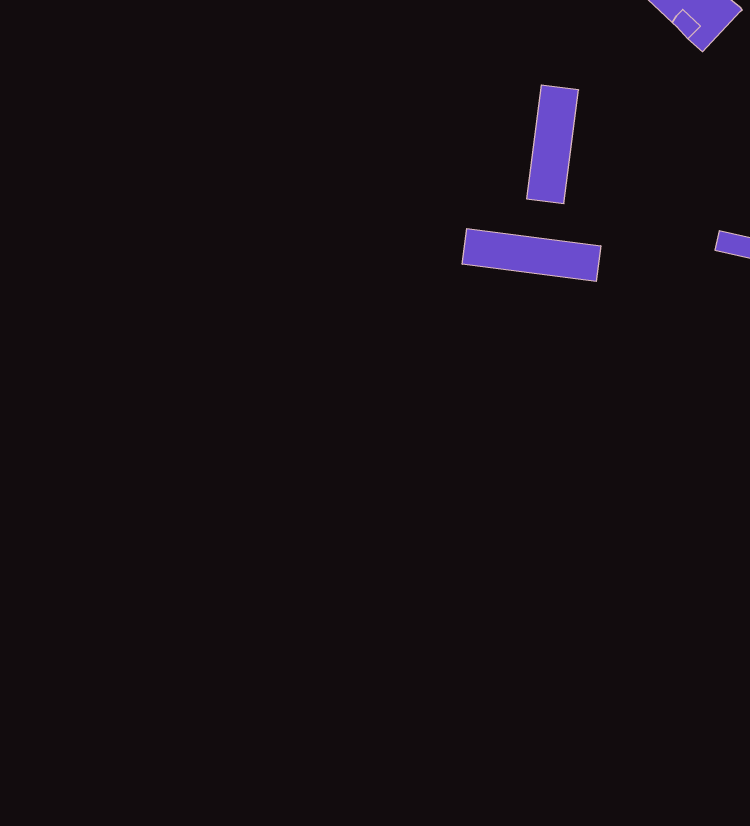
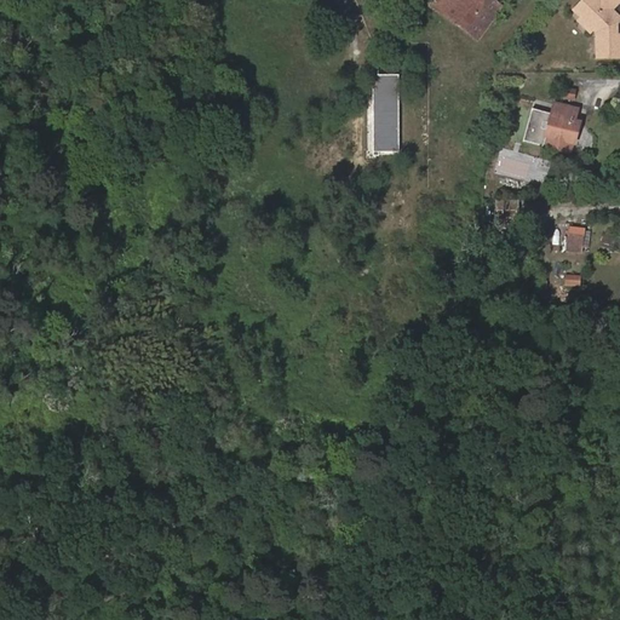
building: [462,229,601,281] -> none

